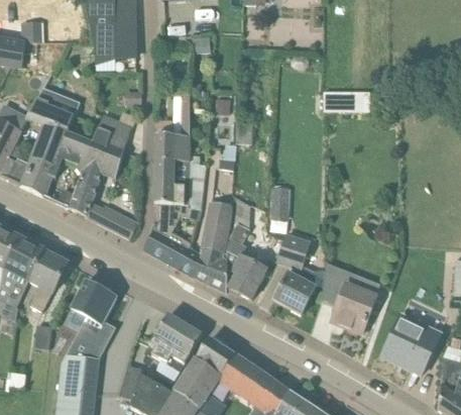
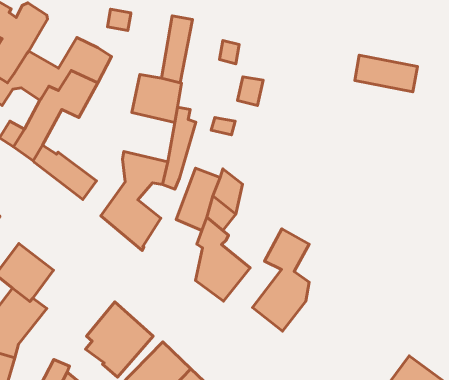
building: [154,165,190,198] -> none
building: [270,187,290,220] -> none
building: [194,241,228,292] -> none
building: [321,263,380,332] -> none

